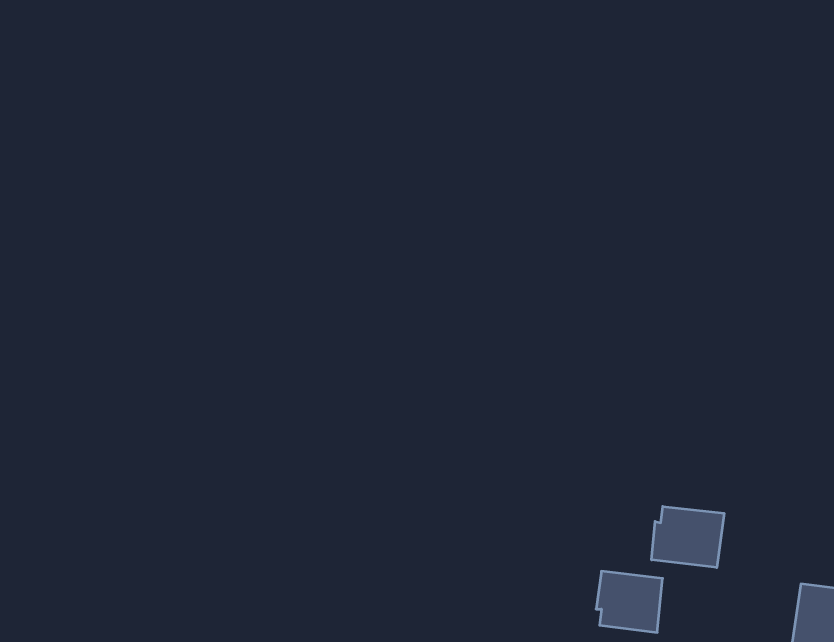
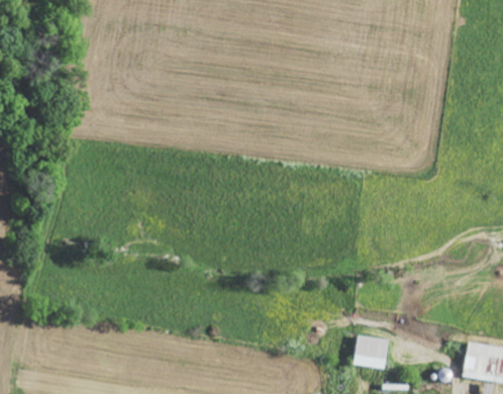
building: [652,506,724,568] -> none

